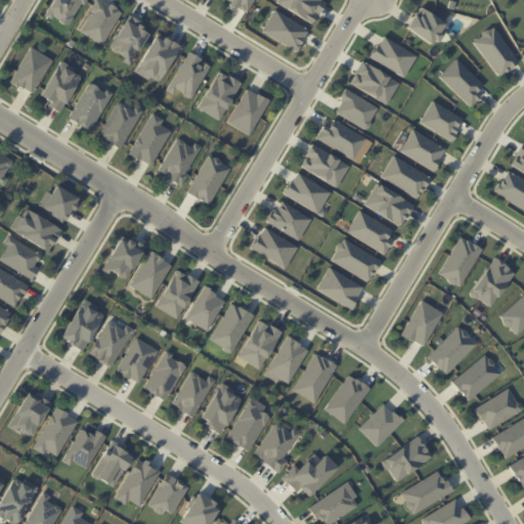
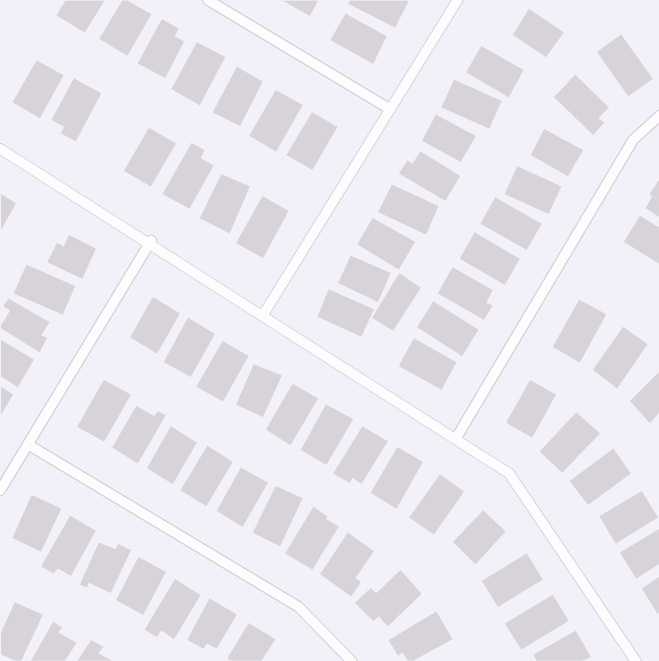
building: [69,82,112,131] -> none
building: none -> [371,272,422,332]

